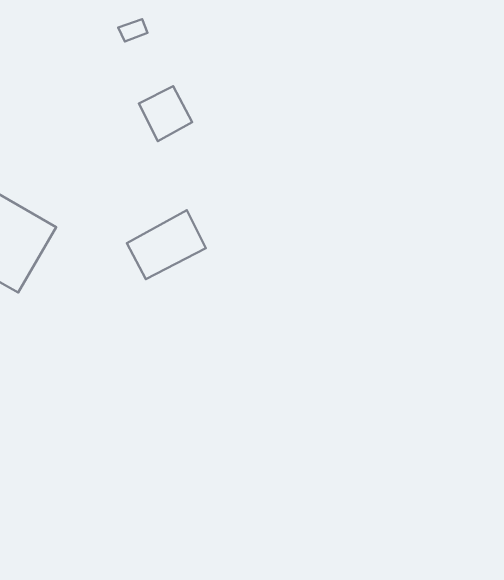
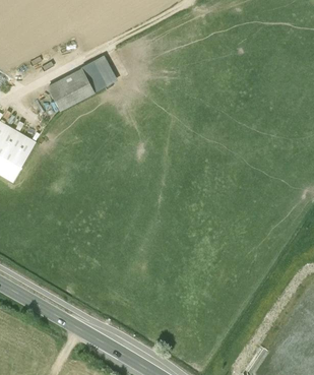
building: [127,210,206,279] -> [49,68,96,109]

